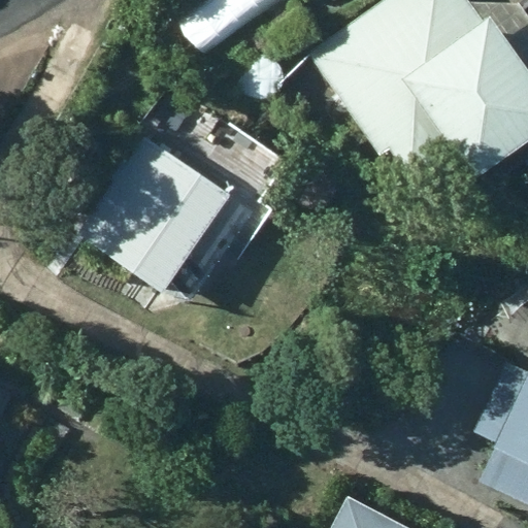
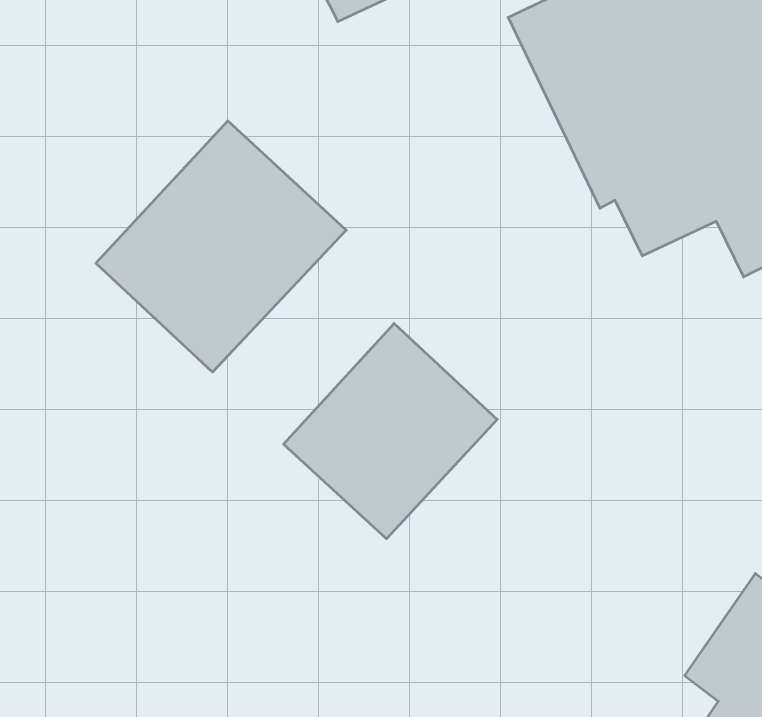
building: none -> [284,323,497,539]

